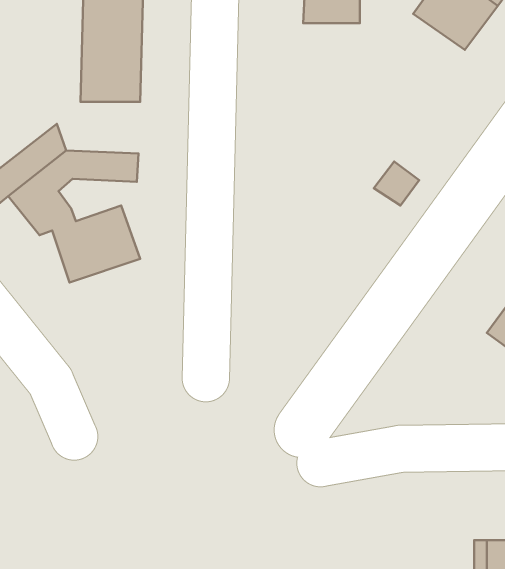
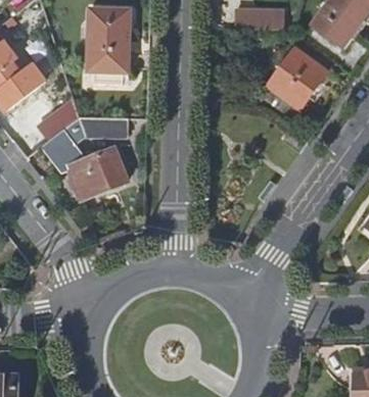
building: none -> [263,49,328,116]

